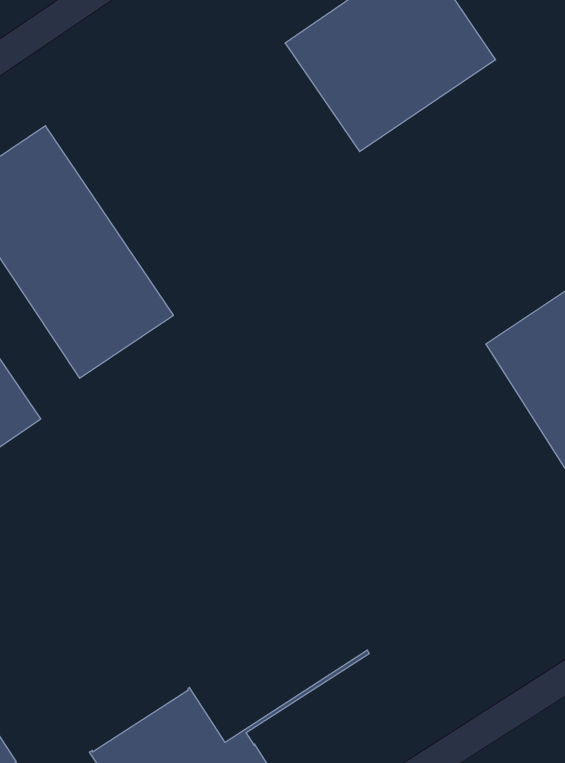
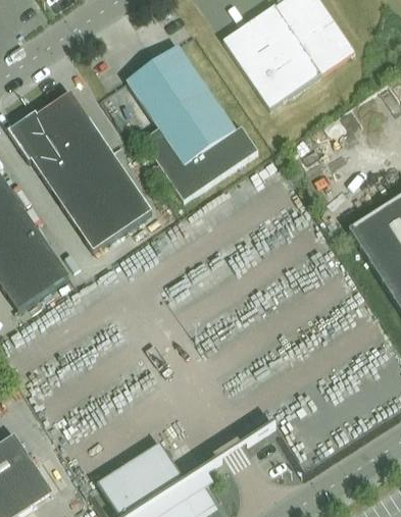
building: none -> [127,44,260,198]

